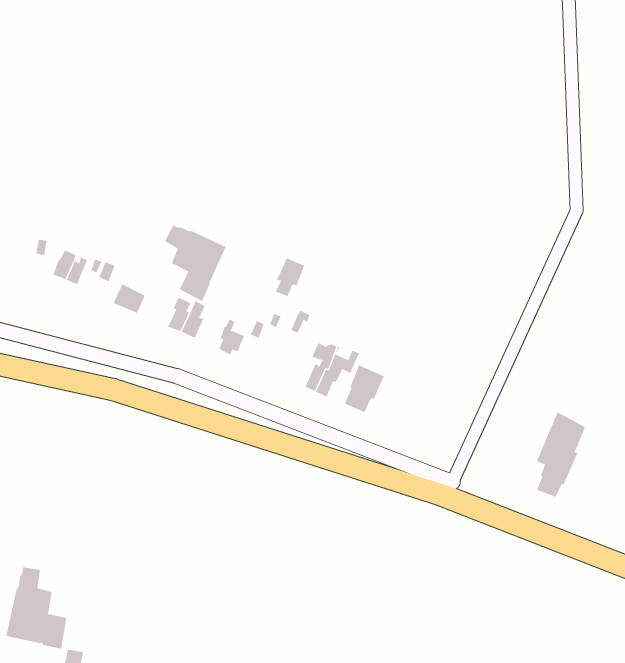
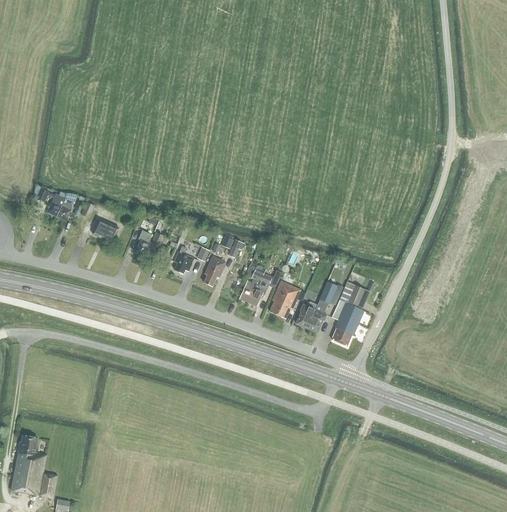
building: [164,224,227,302] -> none
building: [275,258,305,297] -> [202,255,225,285]
building: none -> [295,281,336,331]
building: [536,411,586,498] -> [331,278,369,344]

